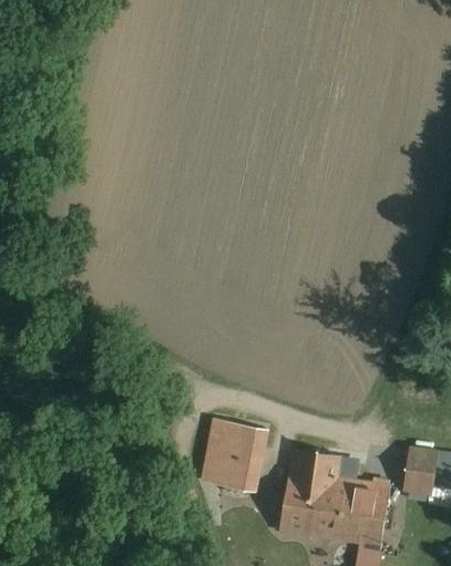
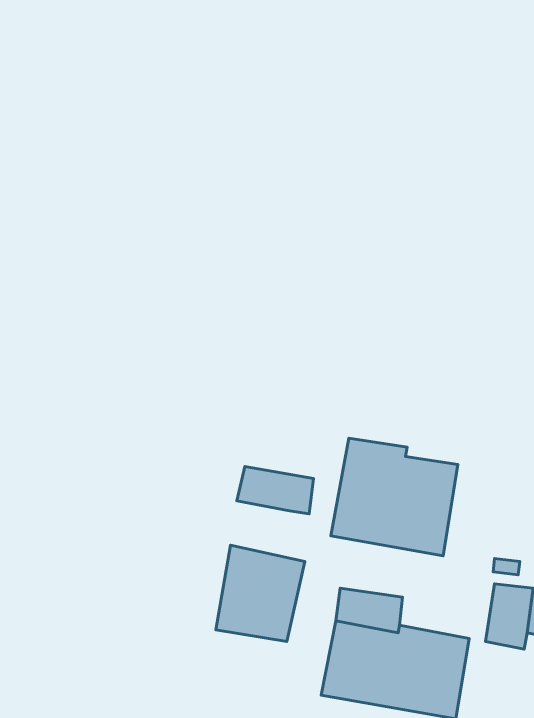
building: none -> [331,438,458,556]
building: none -> [237,466,313,514]

